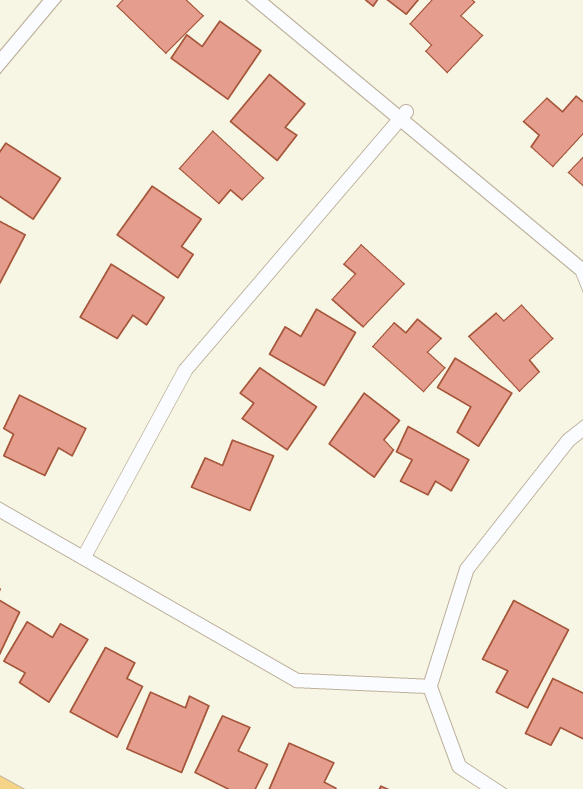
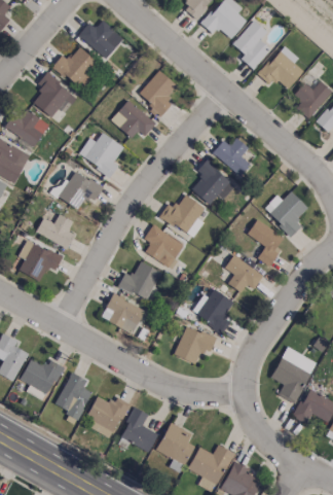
building: [171,21,261,99] -> [53,47,101,89]
building: none -> [258,45,304,89]
building: none -> [34,73,78,117]
building: [373,319,445,391] -> [213,138,251,176]
building: none -> [37,214,75,248]
building: [329,393,399,477] -> [197,288,234,332]
building: none -> [102,293,146,333]
building: none -> [175,326,217,363]

